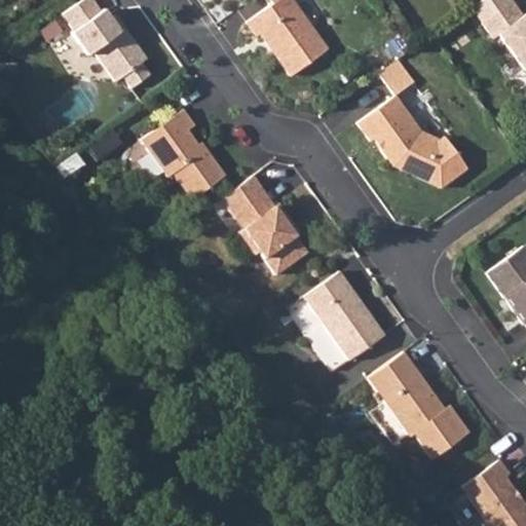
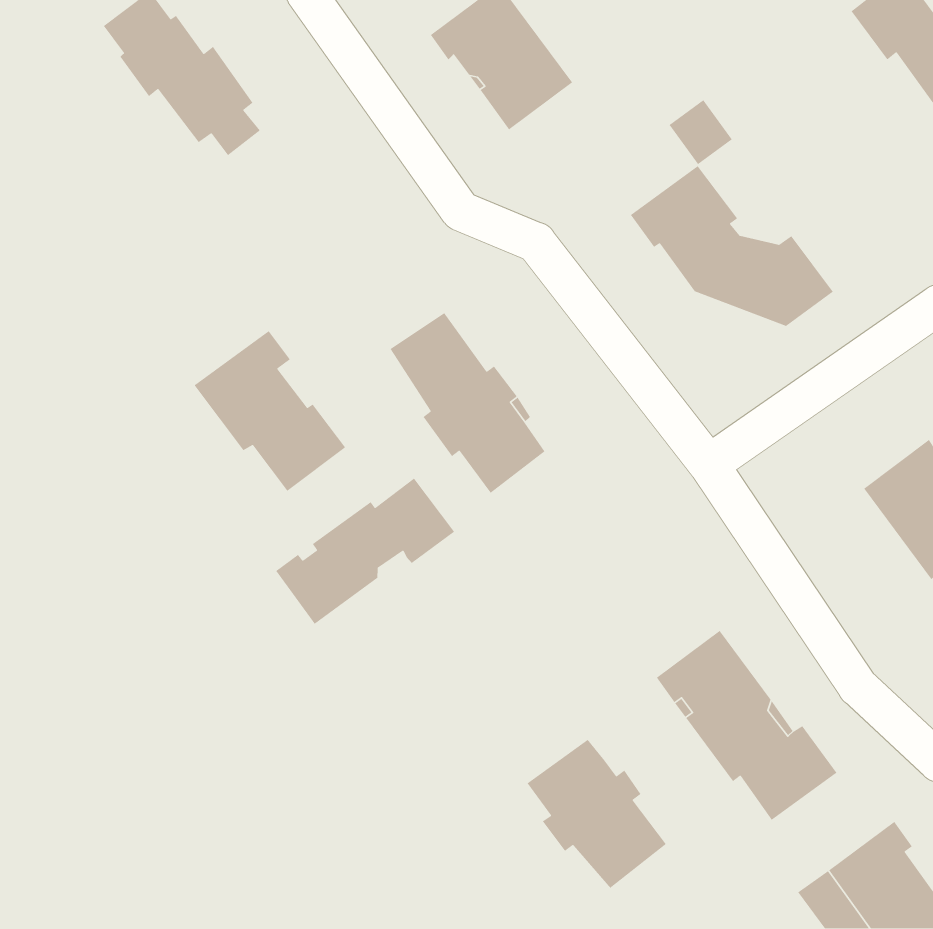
building: [141,110,226,200] -> [194,330,346,492]
building: none -> [275,477,455,625]
building: [306,271,387,360] -> none
building: none -> [526,739,667,889]

